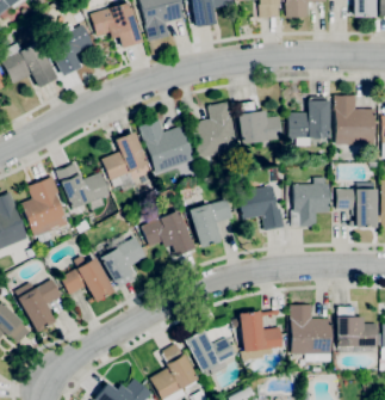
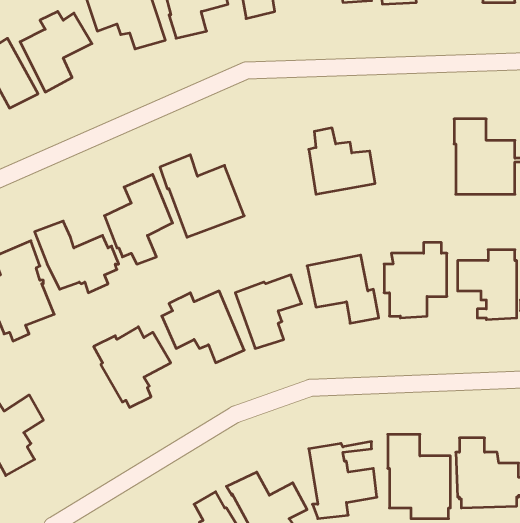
building: [288,96,330,146] -> none
building: [192,101,240,158] -> none
building: [61,256,114,303] -> none

